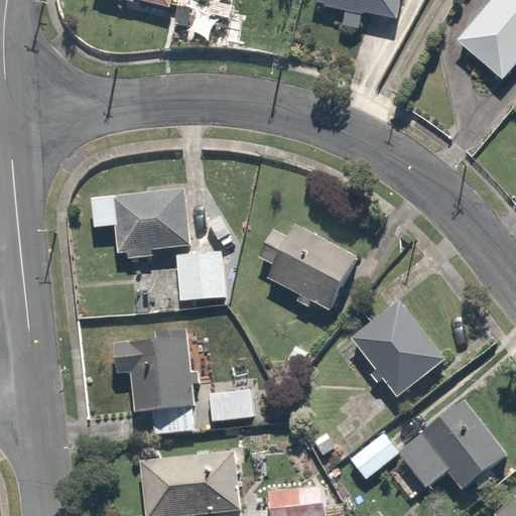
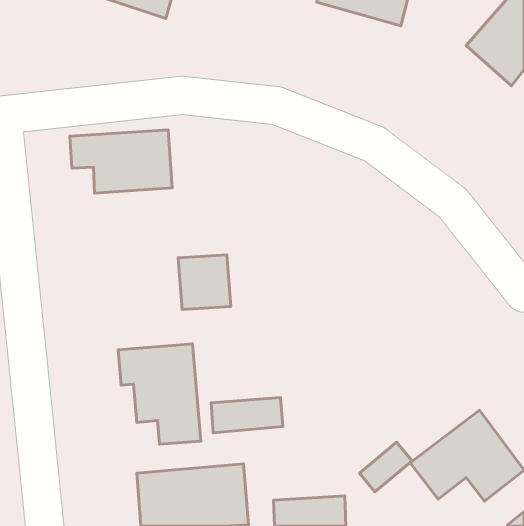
building: [91,188,190,250] -> [70,130,172,193]
building: [257,225,355,310] -> none
building: [353,305,442,396] -> none

